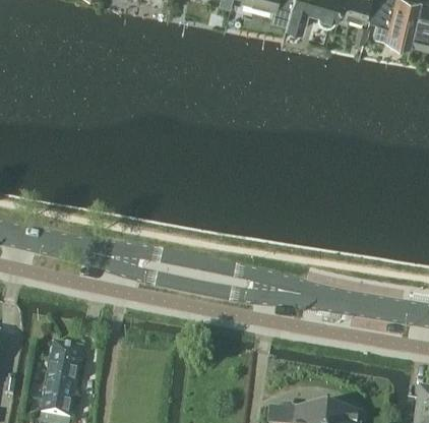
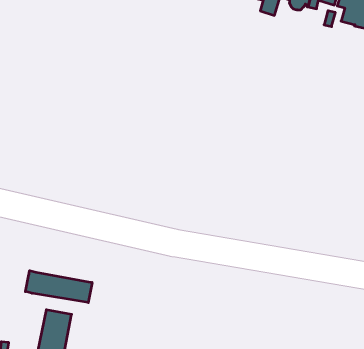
building: none -> [25,271,92,303]

